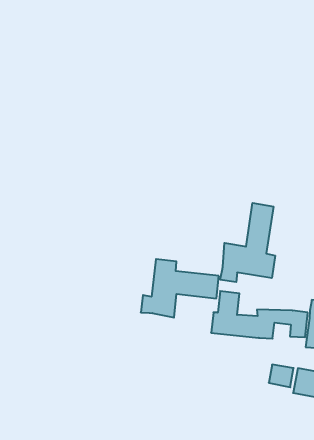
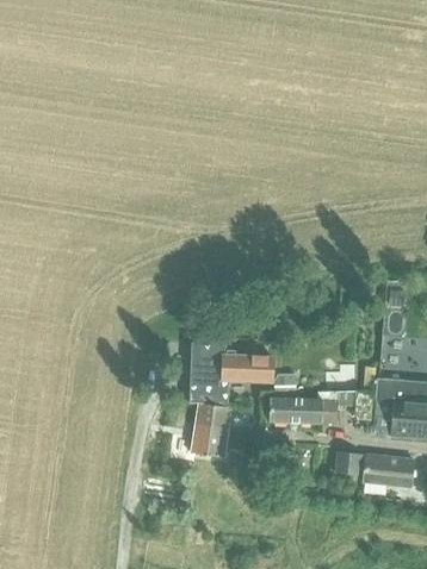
building: [220,203,275,282] -> none
building: none -> [190,402,229,457]

